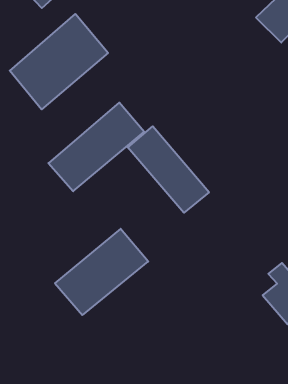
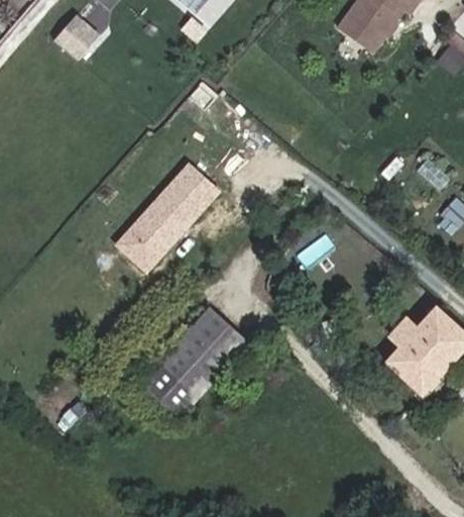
building: [10,14,108,109] -> none
building: [128,126,209,213] -> none

